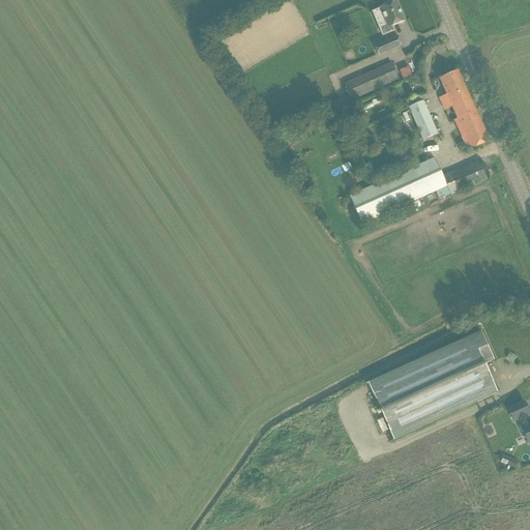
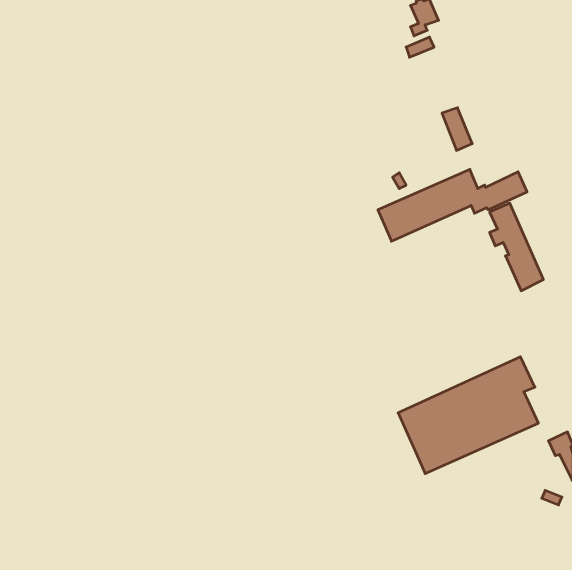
building: [346,60,400,97] -> none
building: [440,68,490,149] -> [490,203,543,291]

